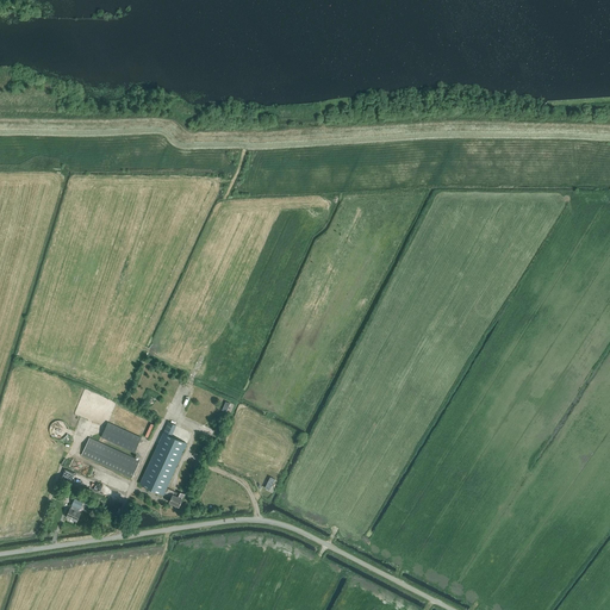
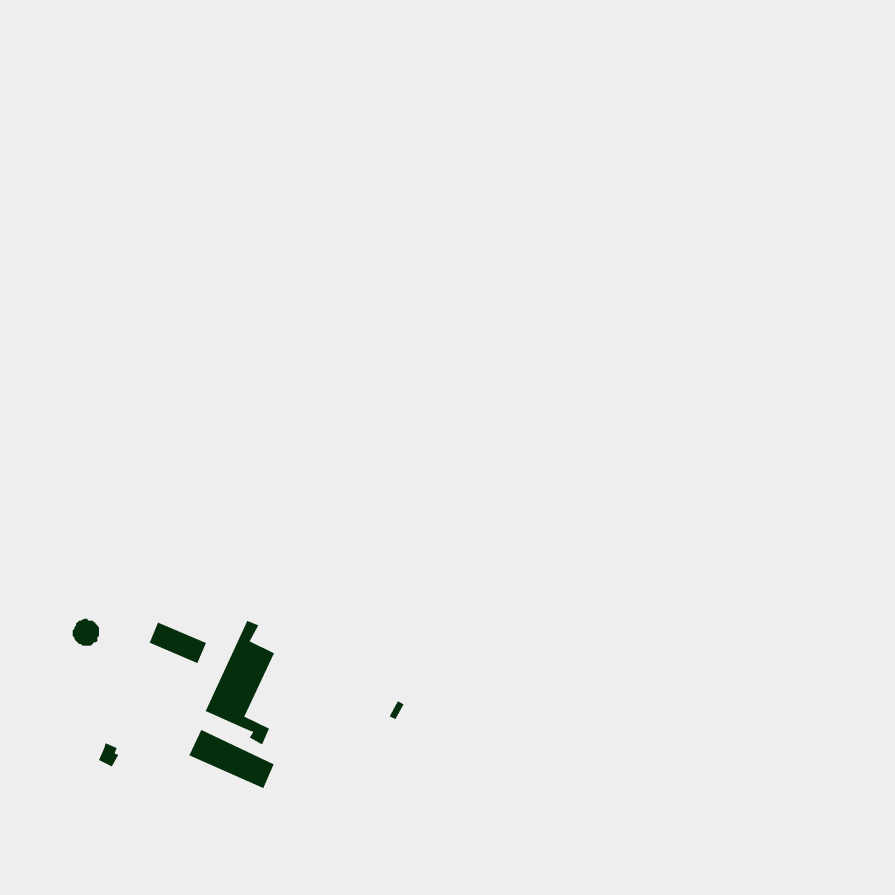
building: [81,437,139,478] -> [189,729,274,789]

